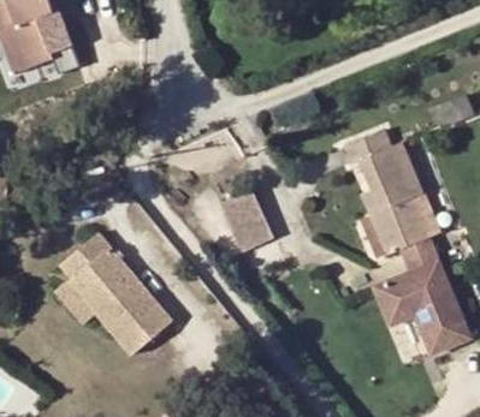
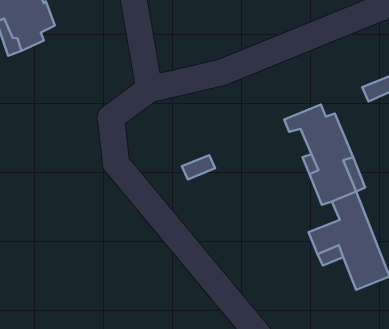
building: [227,208,273,252] -> none
building: [60,233,173,355] -> none

